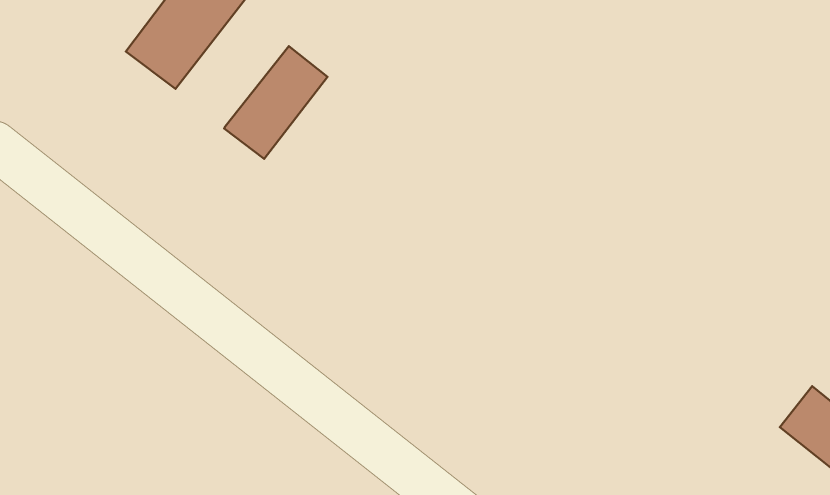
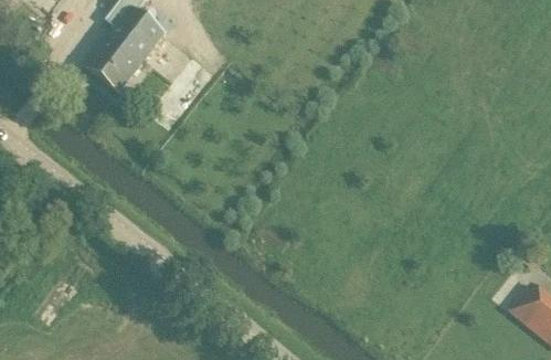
building: [224,46,327,159] -> none

